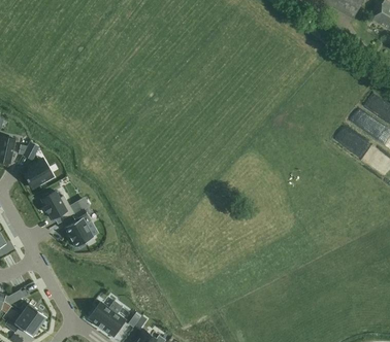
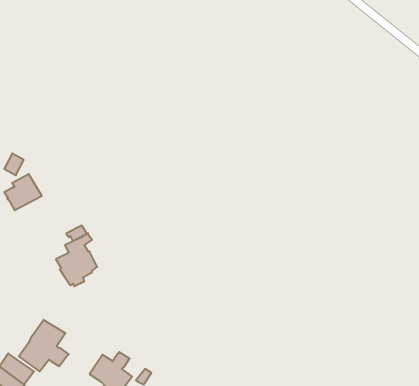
building: [40,191,73,219] -> none
building: none -> [19,320,69,371]

